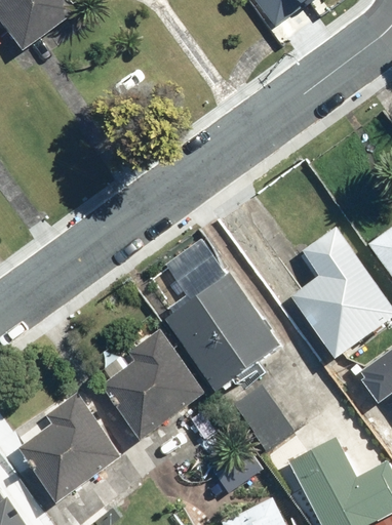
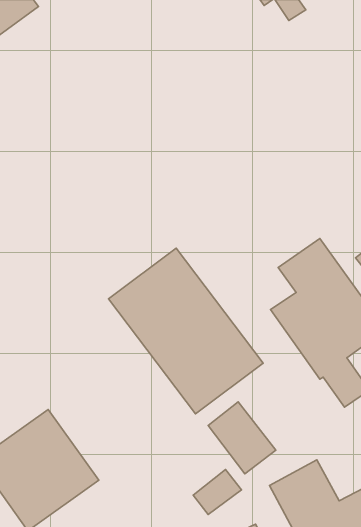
building: [101,330,205,442] -> none

